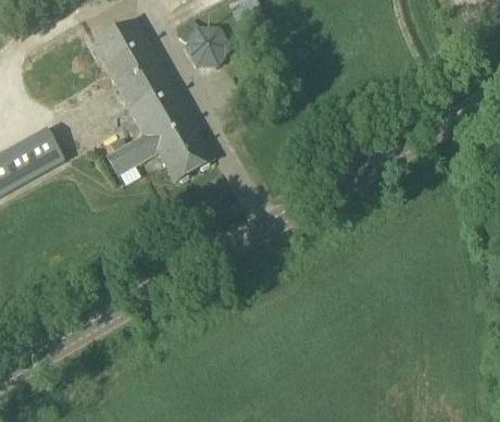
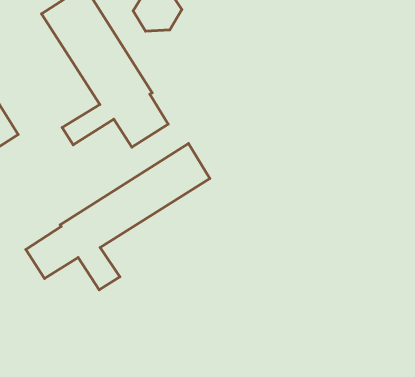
building: none -> [26,144,210,290]

